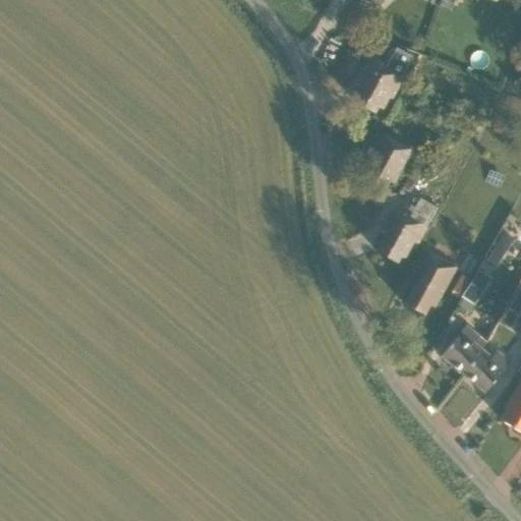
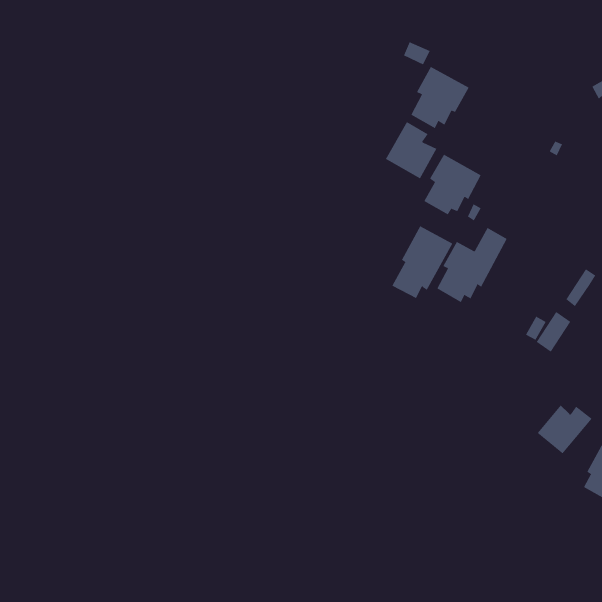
building: none -> [385,121,437,179]
building: [405,250,458,313] -> [392,226,453,299]
building: [442,324,489,372] -> none

